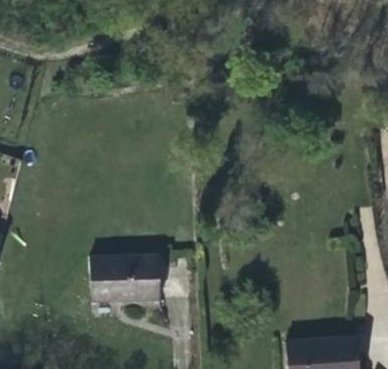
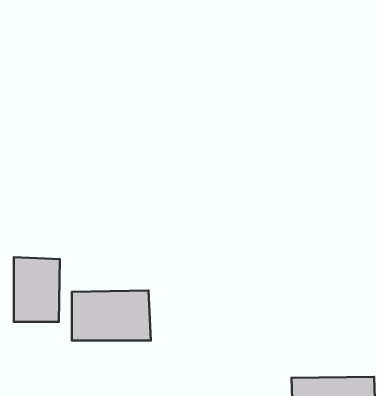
building: none -> [14,257,60,322]

